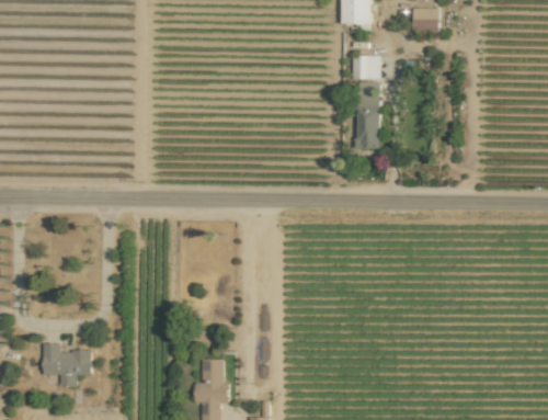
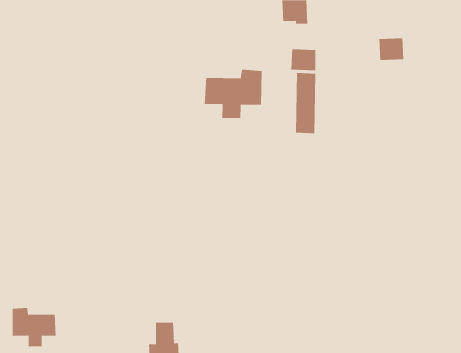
building: [410,7,438,32] -> [378,38,404,60]
building: none -> [204,69,262,119]

